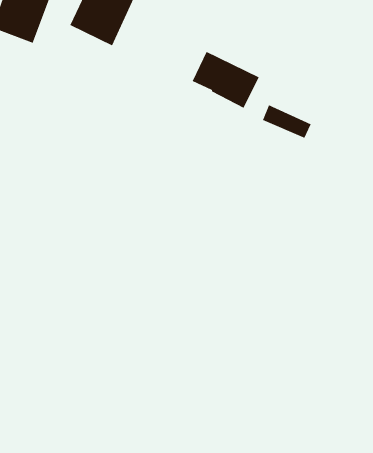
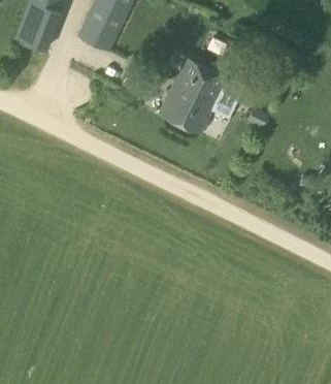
building: none -> [157,81,214,134]

